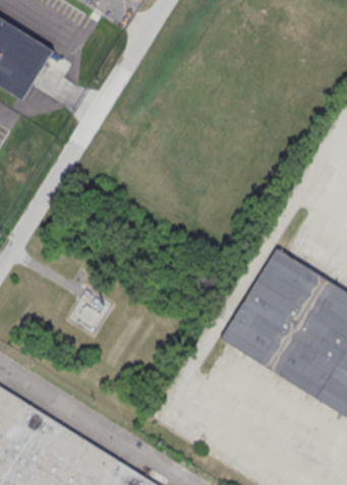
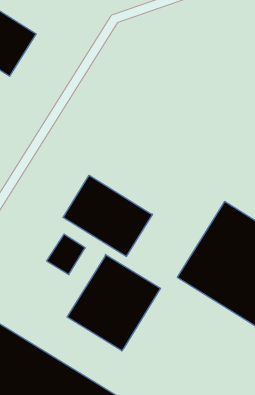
building: none -> [63,175,152,256]
building: none -> [67,254,160,351]

